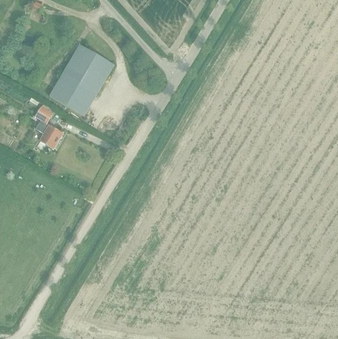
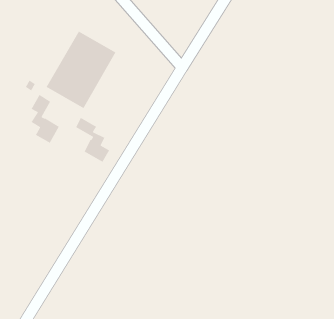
building: none -> [75,117,110,163]

